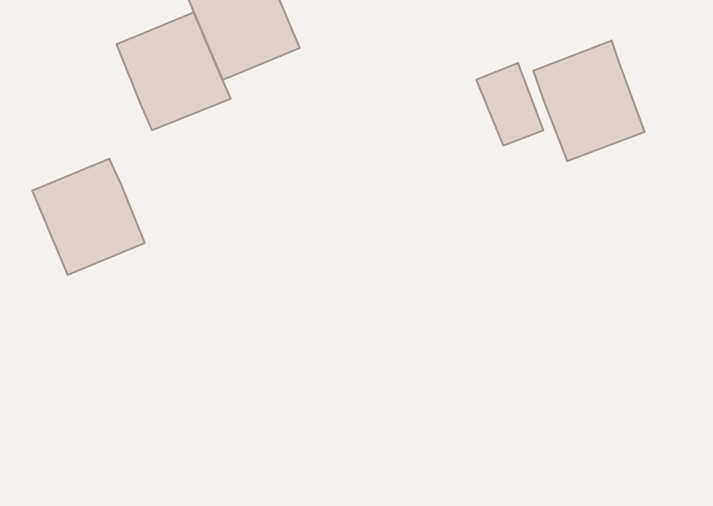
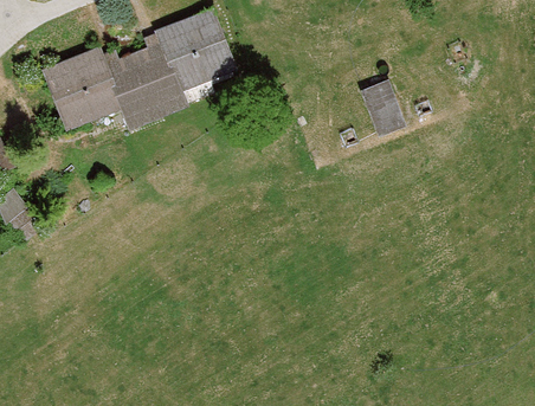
building: [533,40,644,161] -> none
building: [32,159,145,275] -> [43,47,122,129]

